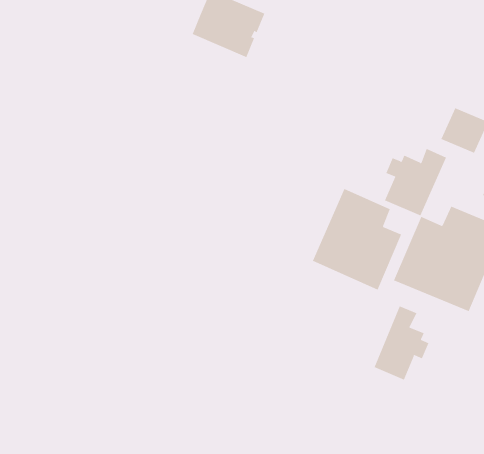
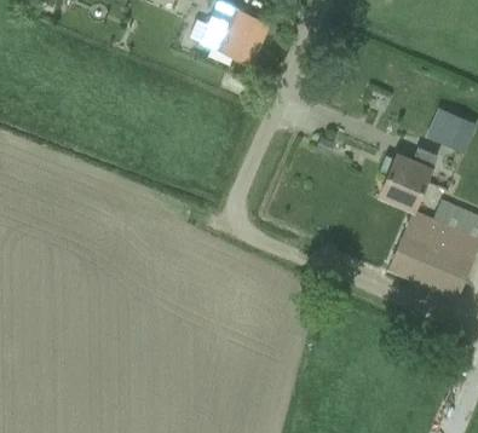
building: [312,188,402,290] -> none
building: [374,305,429,381] -> none

